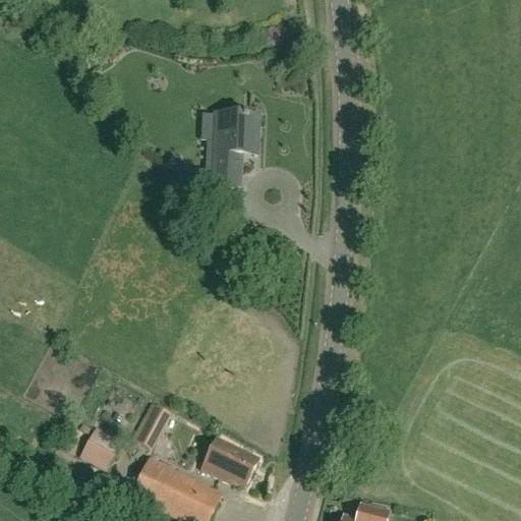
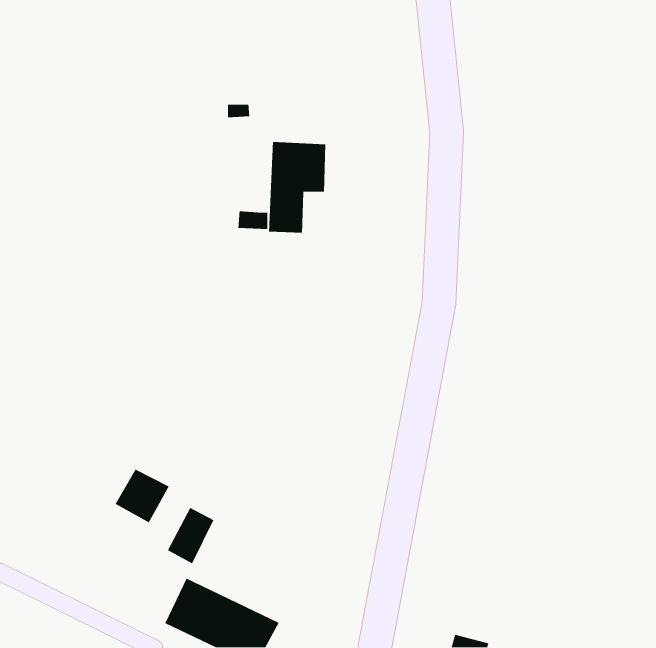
building: [79,426,123,470] -> [115,468,170,524]
building: [199,436,259,486] -> none

